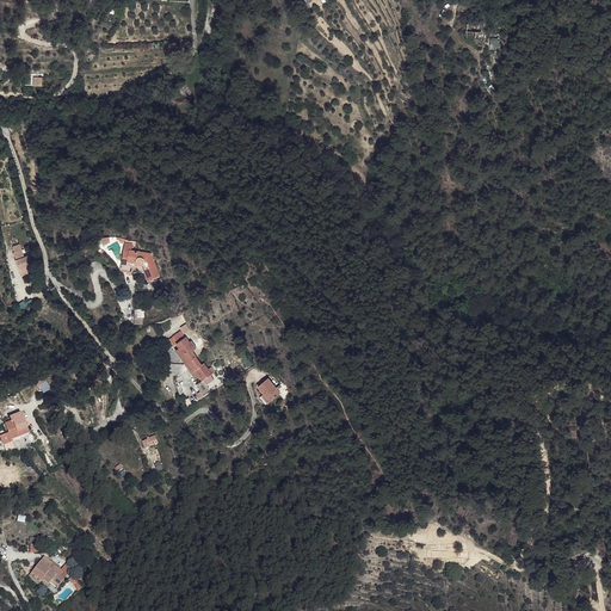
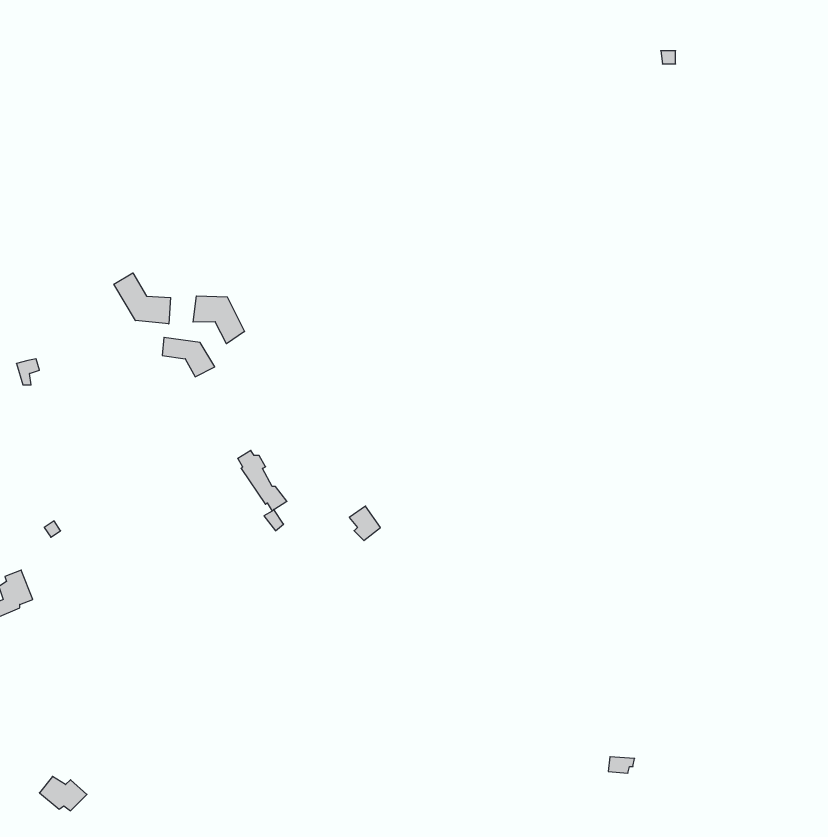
building: none -> [114,273,171,324]
building: none -> [193,296,245,344]

